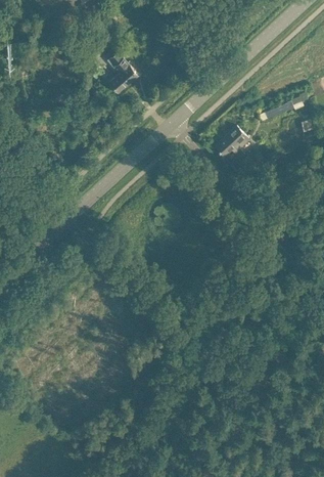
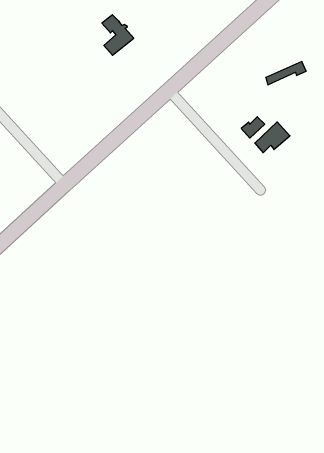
building: [214,127,247,157] -> [255,122,290,153]

